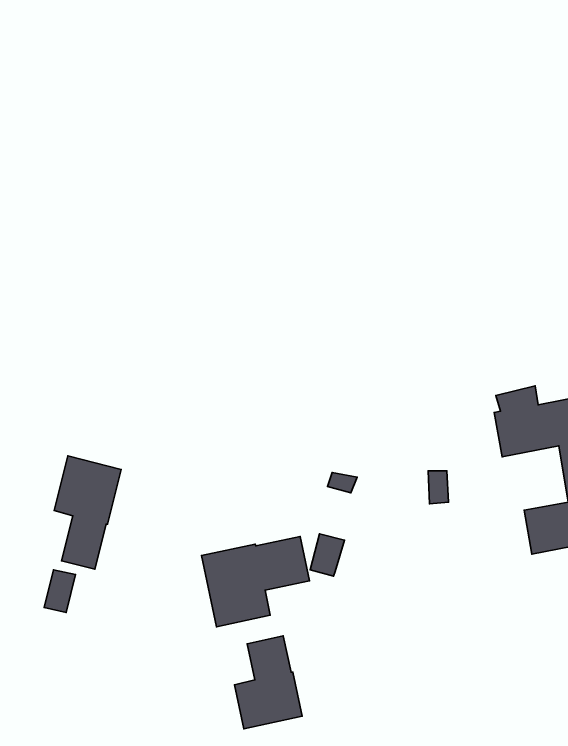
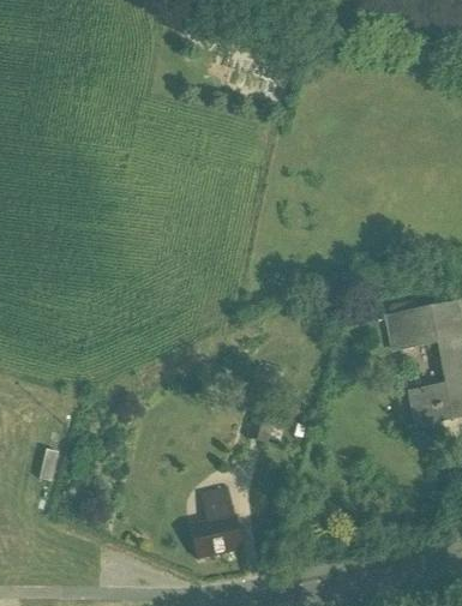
building: [54,456,121,569] -> none
building: [201,536,309,627] -> none

